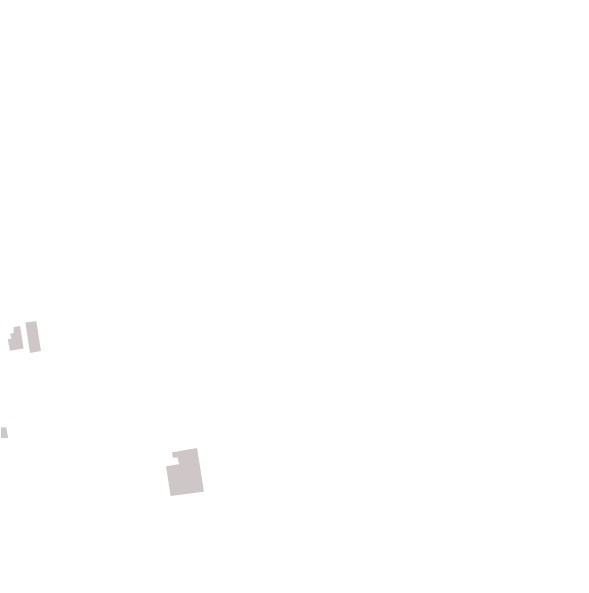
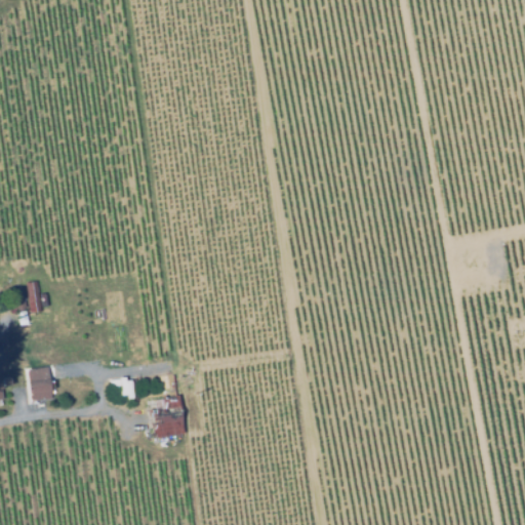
building: none -> [31,367,53,401]

